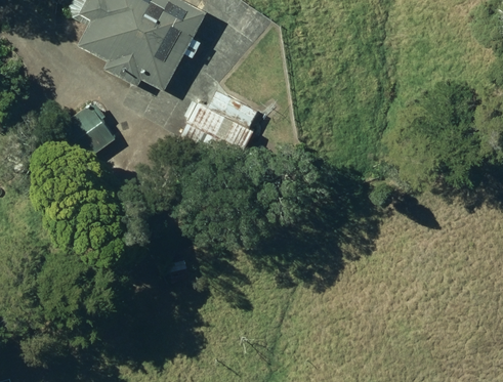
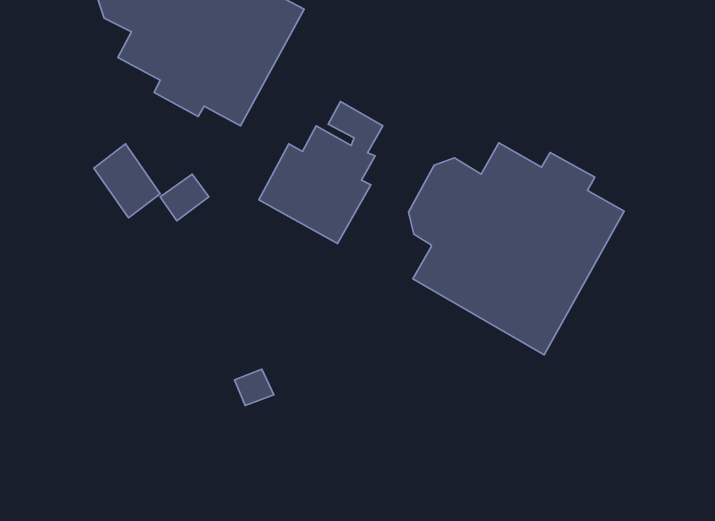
building: none -> [409,143,624,355]

